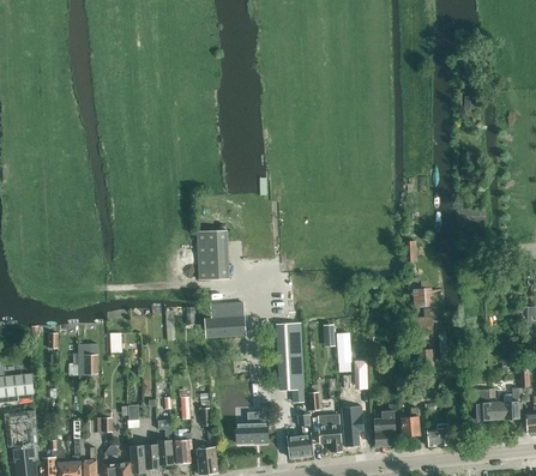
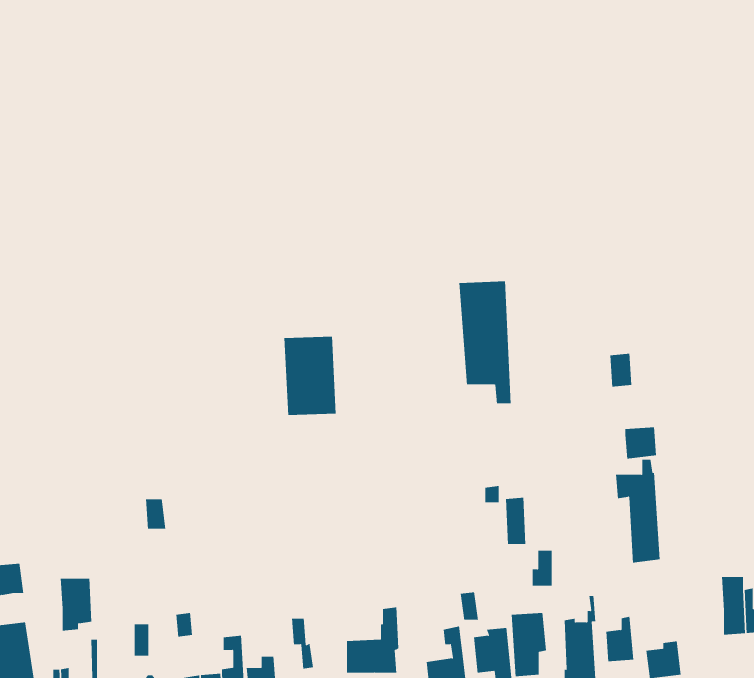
building: [204,302,245,337] -> none
building: [269,324,302,402] -> [458,281,511,404]
building: [78,344,98,378] -> [60,578,92,631]

